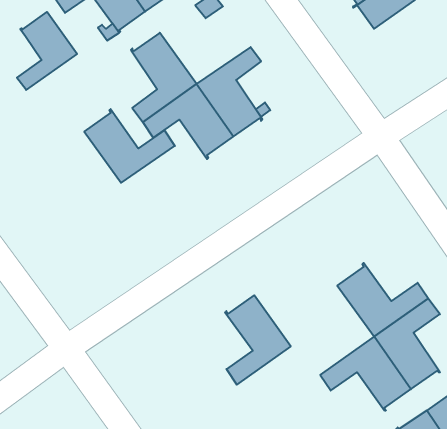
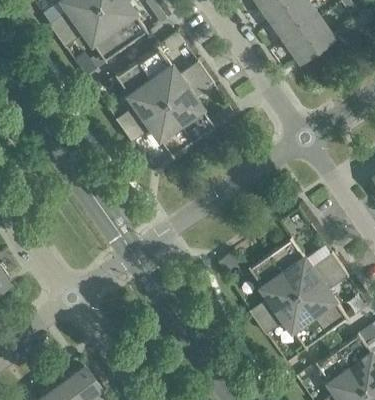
building: [17,12,77,90] -> none
building: [84,109,175,183] -> [136,45,205,101]
building: [225,295,291,385] -> [249,254,299,322]

